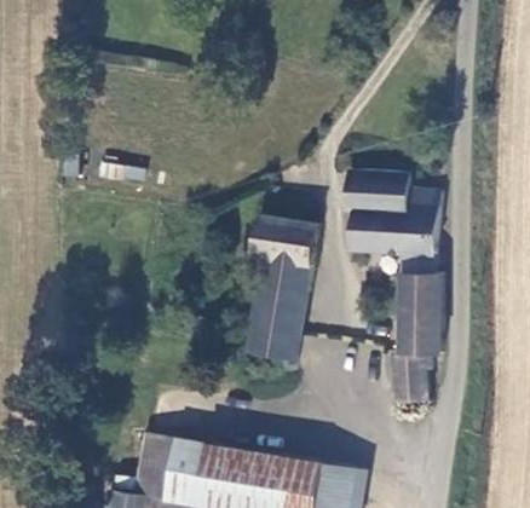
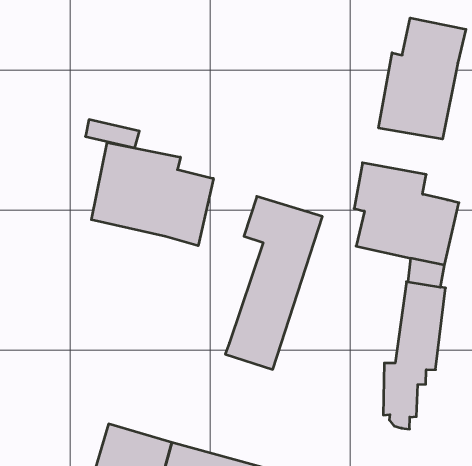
building: none -> [379,18,466,139]
building: none -> [91,142,213,246]

